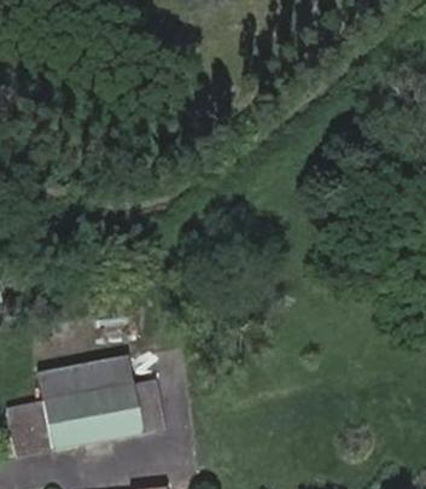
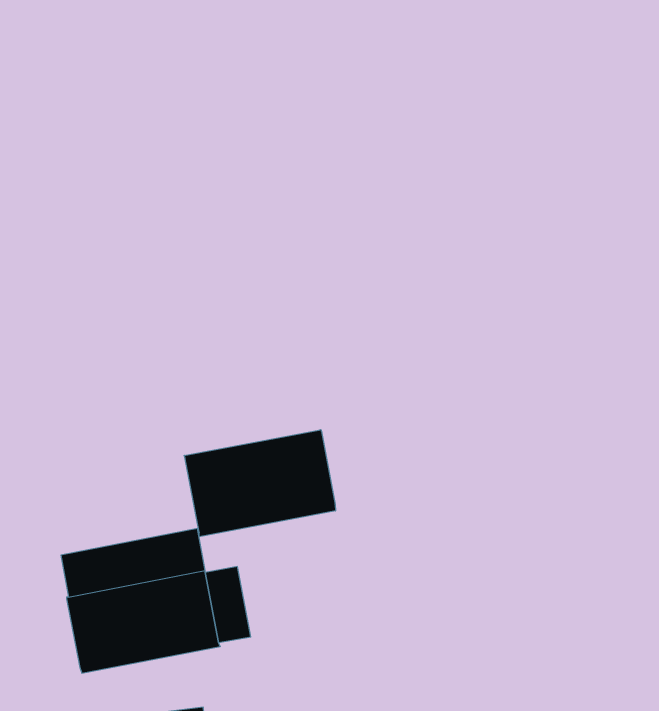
building: none -> [184,430,335,537]
building: [10,403,52,454] -> none

